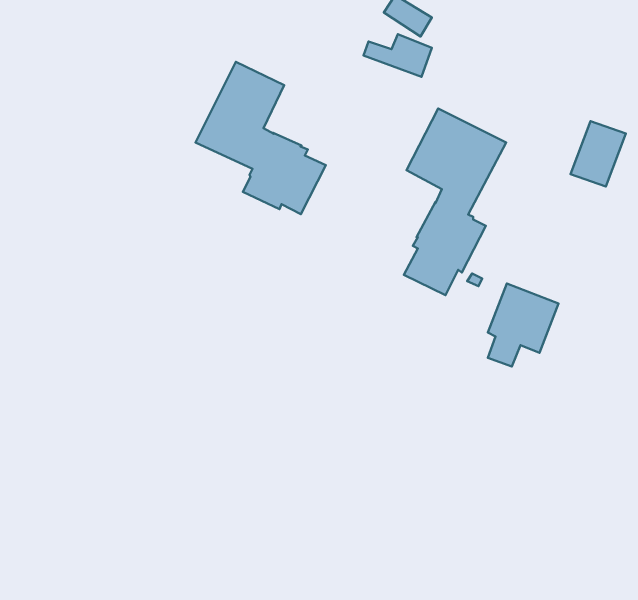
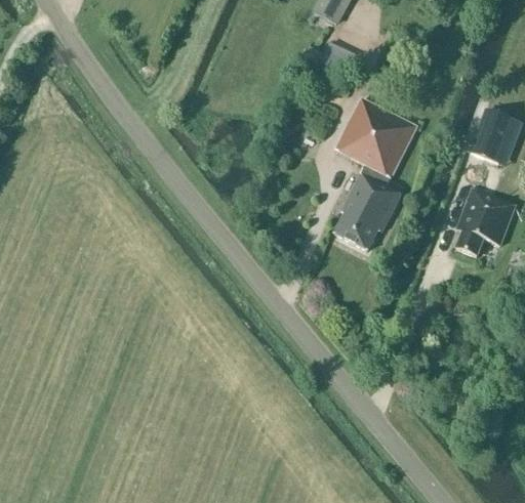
building: [195,62,326,214] -> none
building: [488,283,558,367] -> [456,188,514,256]

